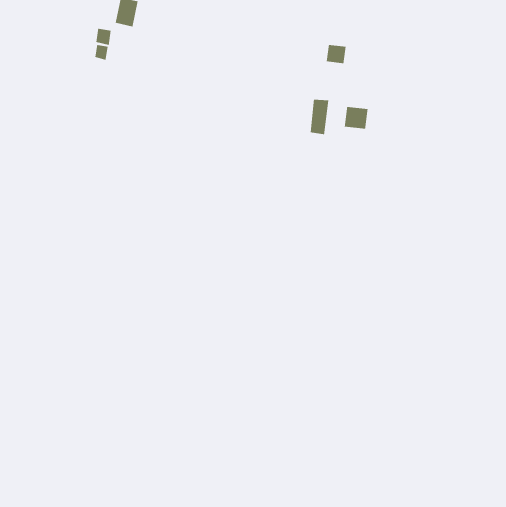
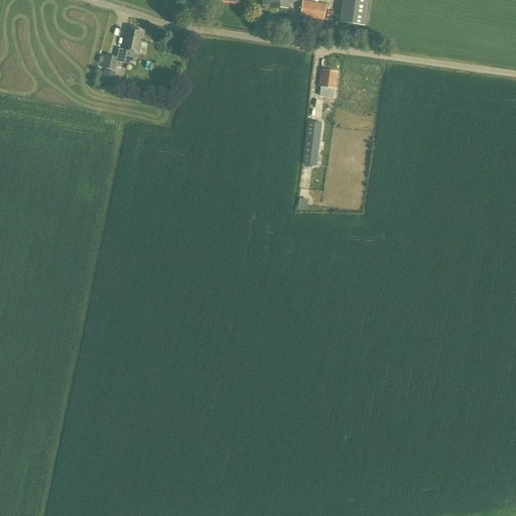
building: [344,106,368,129] -> none

